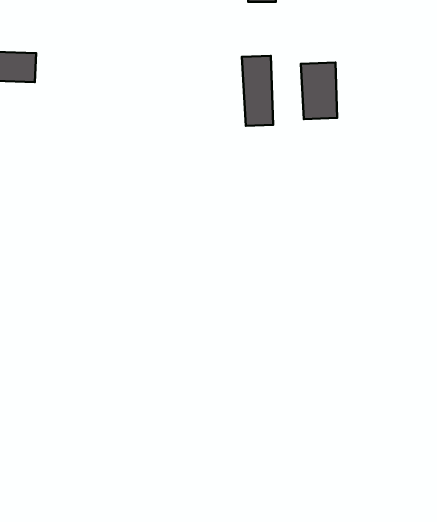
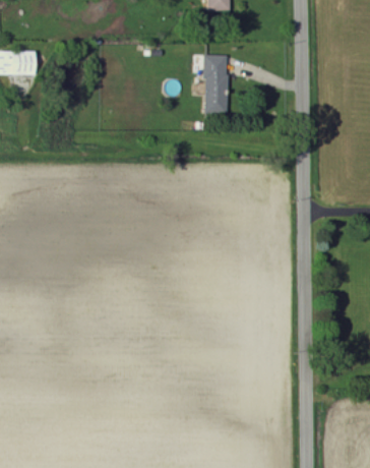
building: [301,62,337,119] -> none

